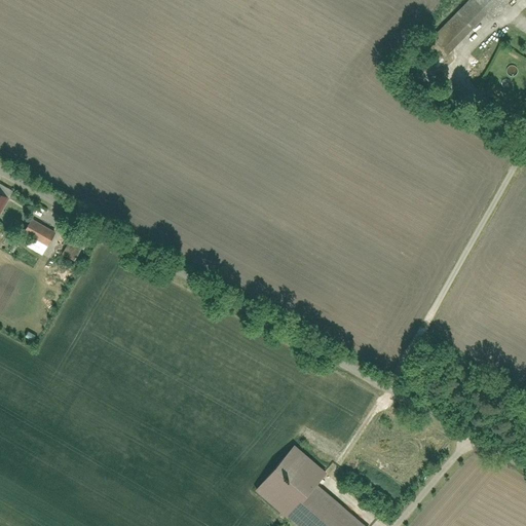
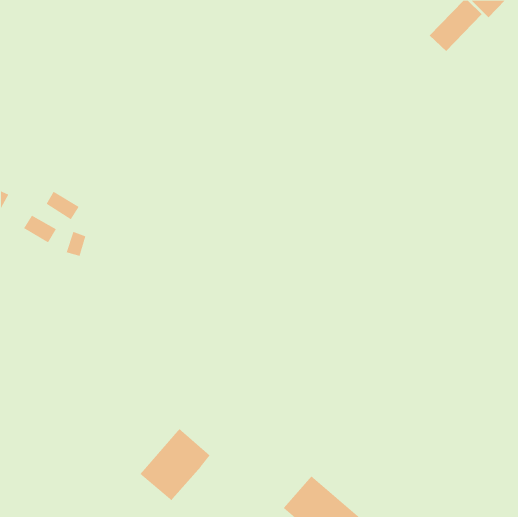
building: none -> [46,191,79,220]
building: [253,444,325,518] -> [139,428,210,501]

